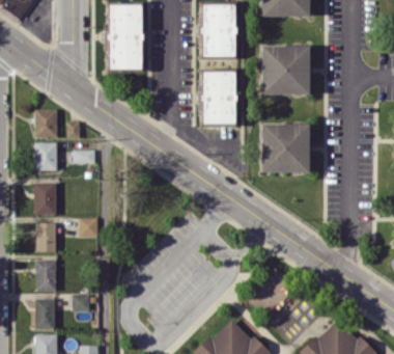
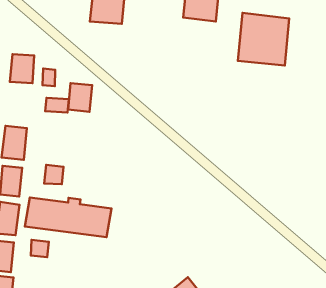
building: [202,72,237,125] -> none
building: [261,124,309,173] -> none
building: [35,143,57,170] -> [68,83,92,112]
building: none -> [25,198,112,237]

